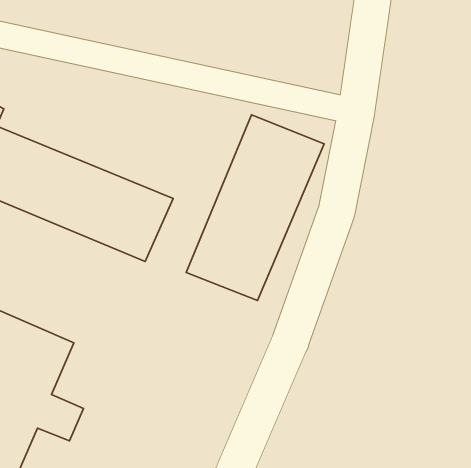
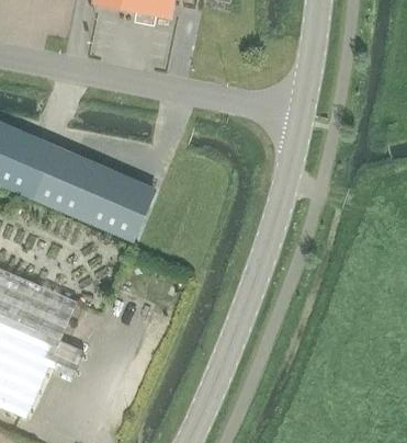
building: [186,115,324,300] -> none

